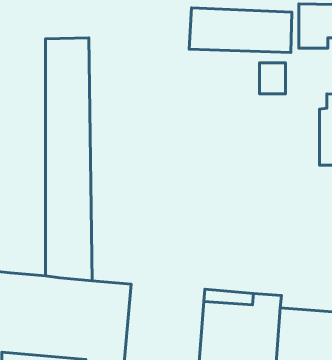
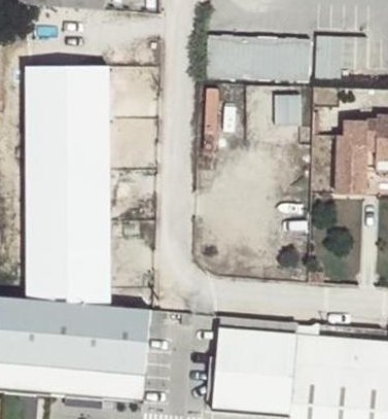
building: none -> [25,67,63,303]

